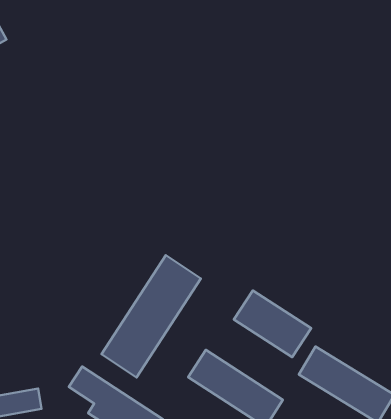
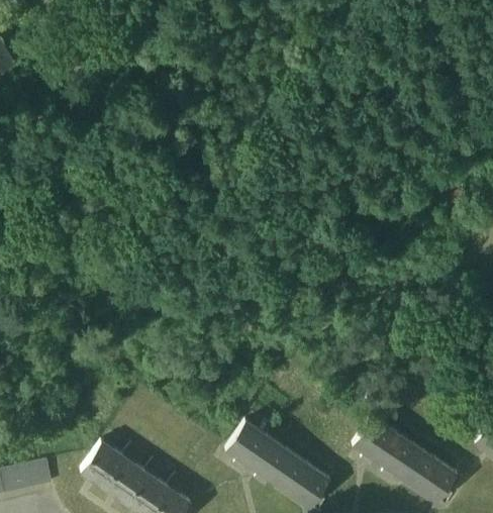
building: [102,255,201,378] -> none
building: [234,290,311,357] -> none

